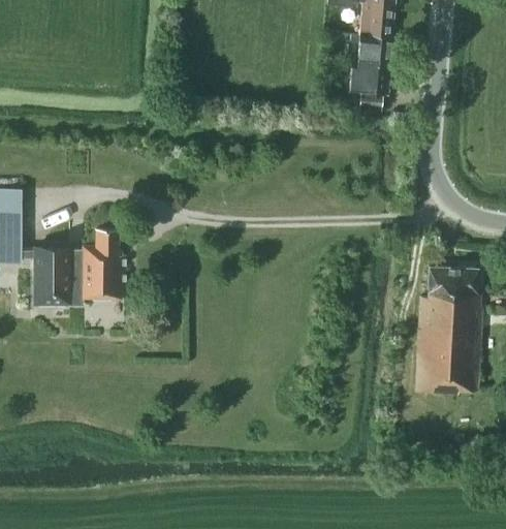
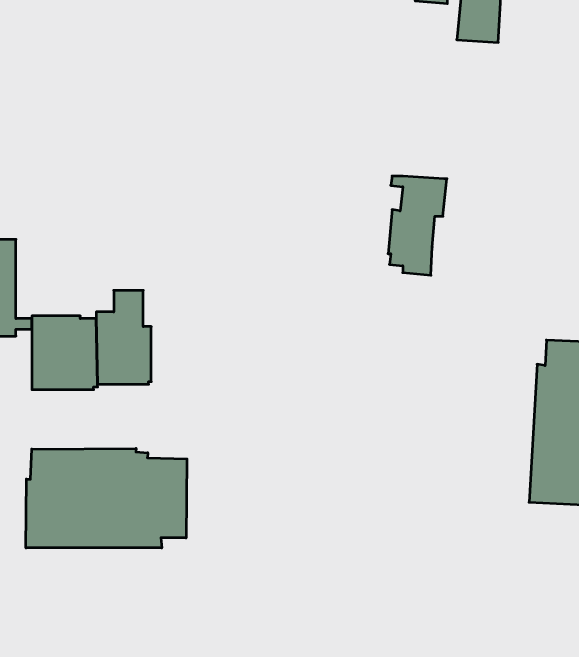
building: [349,34,394,111] -> [388,176,447,275]
building: none -> [26,448,187,548]

